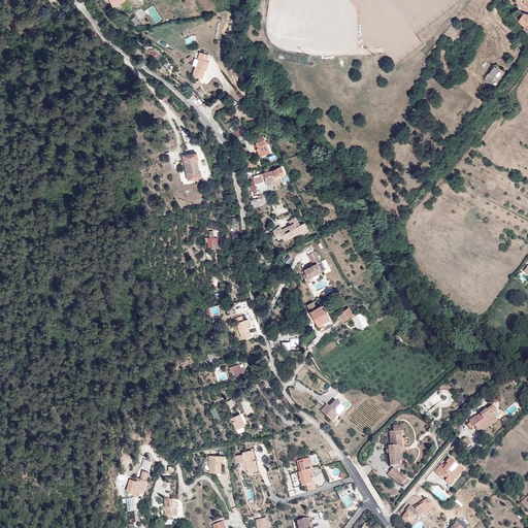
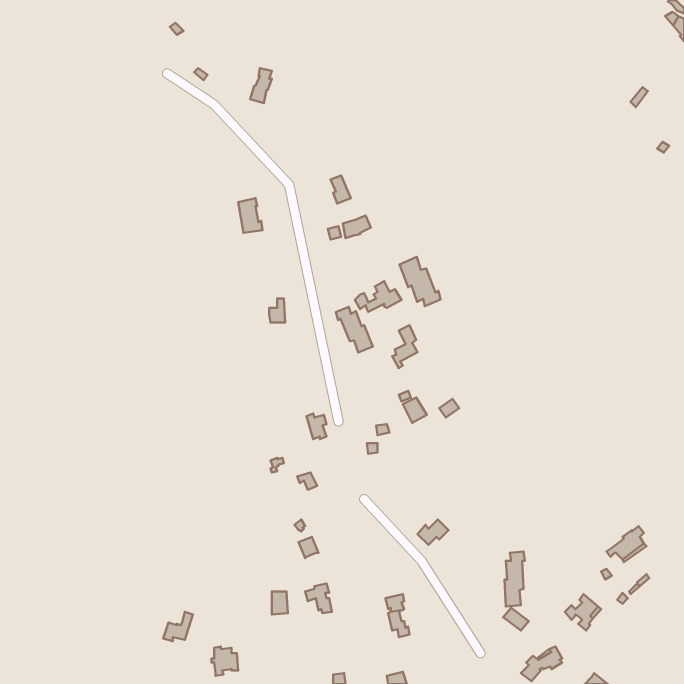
building: none -> [399,257,441,306]
building: none -> [336,307,373,352]

